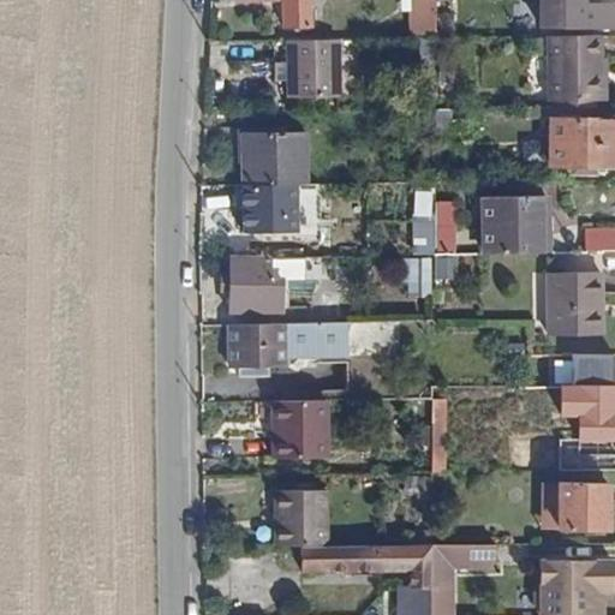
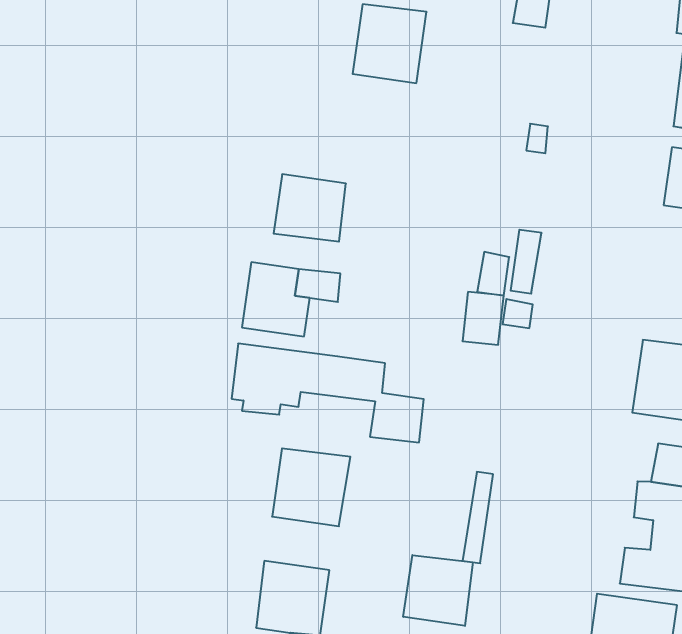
building: [241,132,306,185] -> none
building: [482,196,545,255] -> none
building: none -> [403,555,473,626]

